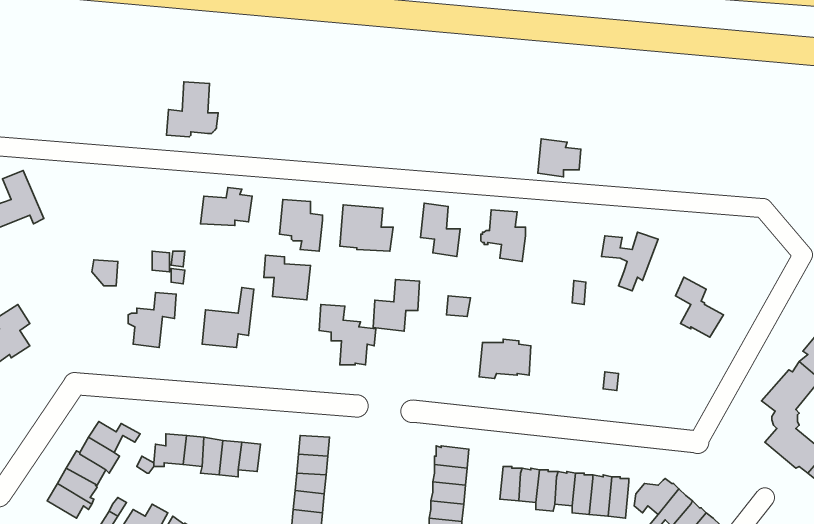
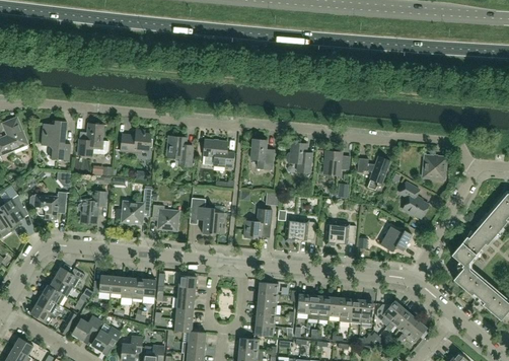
building: [167,82,218,137] -> [78,124,108,156]
building: [538,139,581,177] -> [324,151,350,173]
building: none -> [42,121,71,161]
building: none -> [424,156,446,178]
building: [264,255,310,300] -> [152,205,179,231]
building: [373,279,420,331] -> [244,209,272,239]
building: none -> [30,192,67,220]
building: none -> [325,223,356,245]
building: none -> [381,226,415,251]

